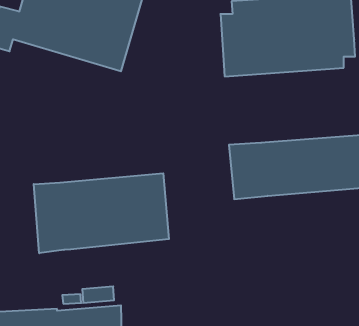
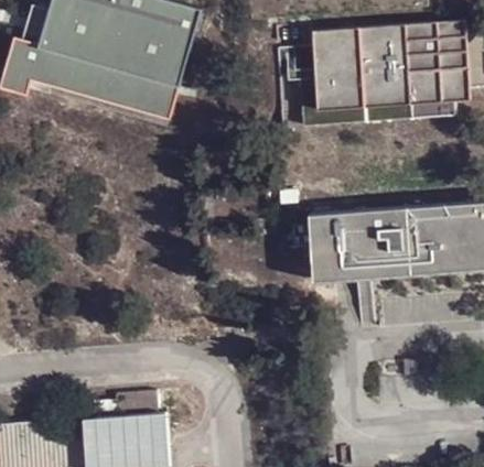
building: [34,173,169,253] -> none

